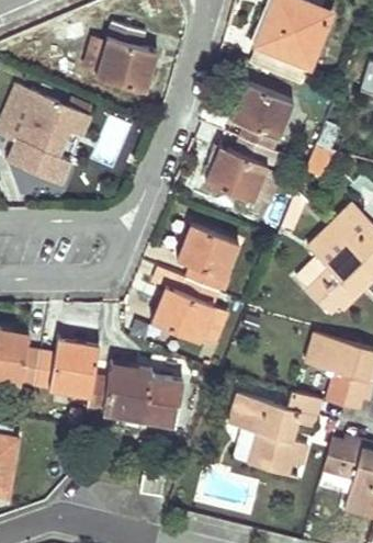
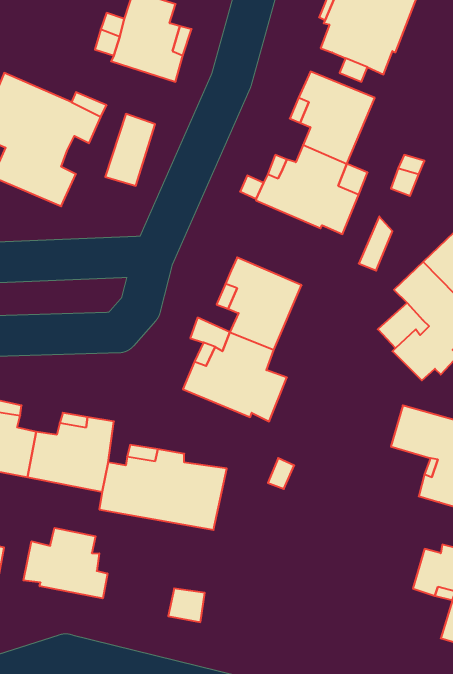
building: [229,391,320,475] -> none
building: none -> [23,528,107,598]

